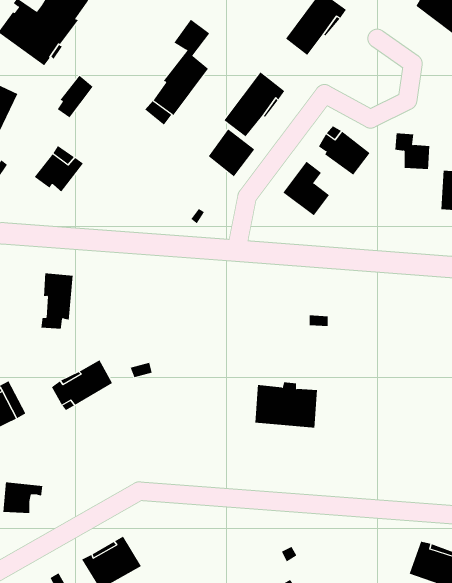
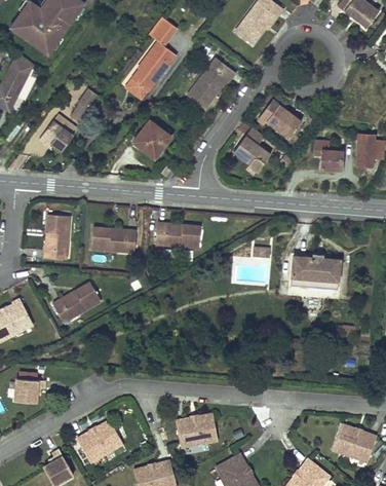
building: [57,75,94,118] -> [72,89,101,123]
building: [208,128,255,177] -> [133,120,170,158]
building: [395,133,430,170] -> [314,141,342,170]
building: none -> [156,223,200,249]
building: none -> [91,227,136,253]
building: [255,382,318,428] -> [291,254,340,290]
building: none -> [176,414,218,447]

